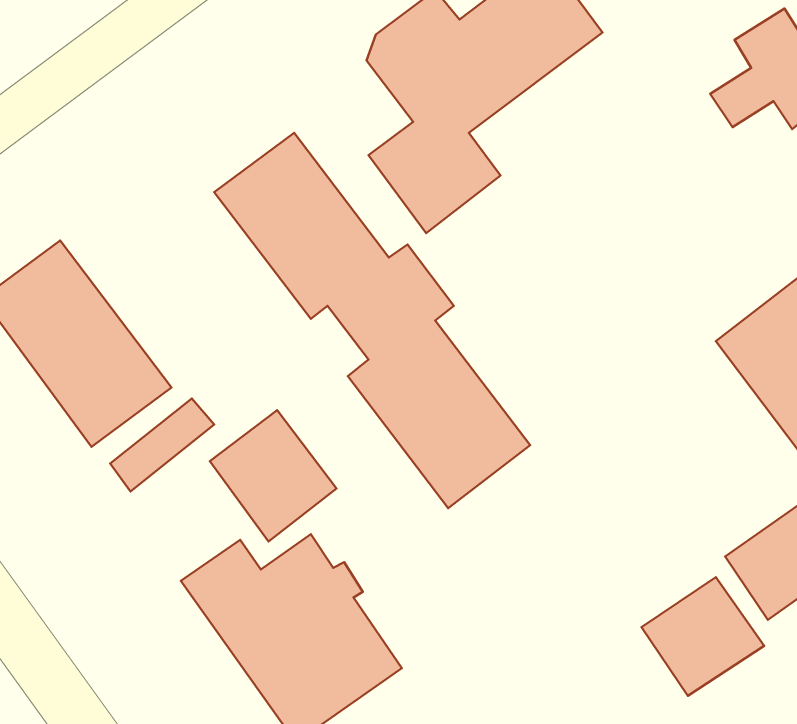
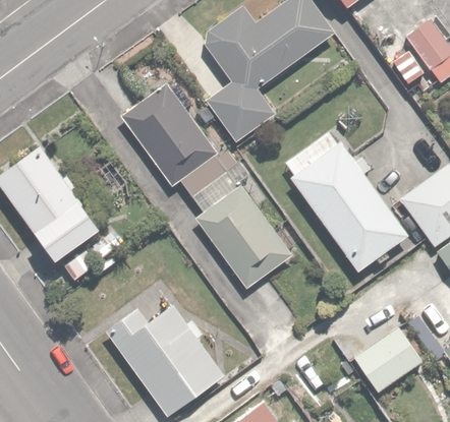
building: none -> [281,128,410,275]
building: [210,410,336,541] -> none

